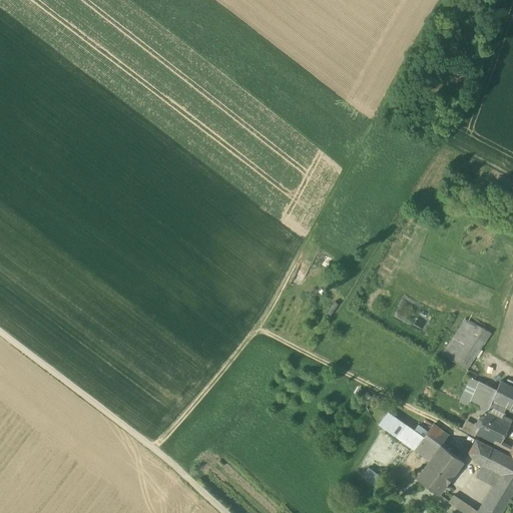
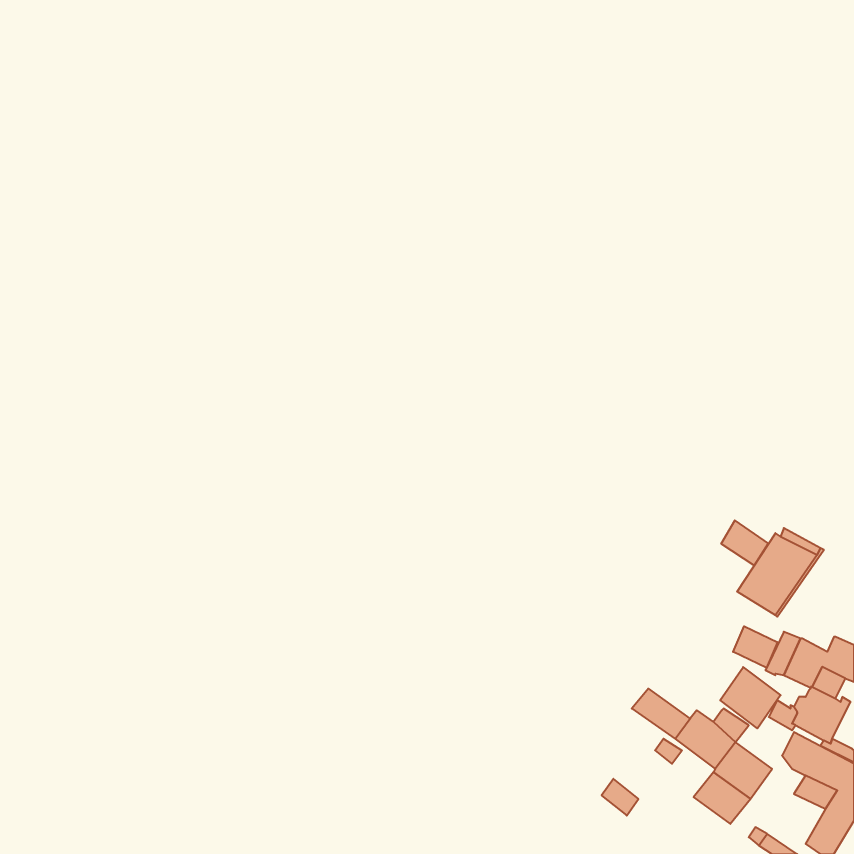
building: none -> [721,520,768,565]
building: none -> [733,626,777,668]
building: none -> [720,667,781,728]

